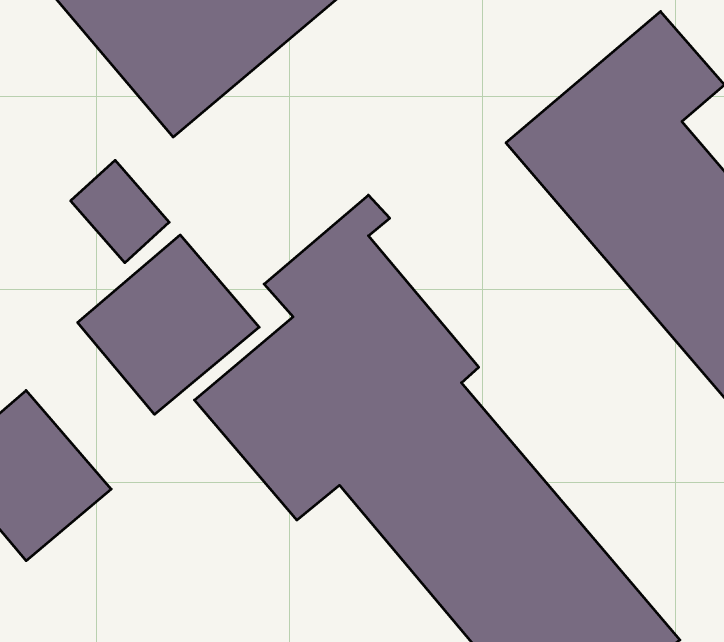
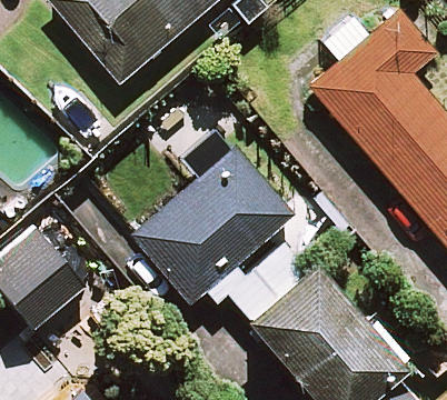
building: [78,235,259,414] -> none

